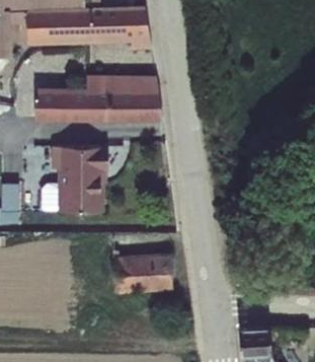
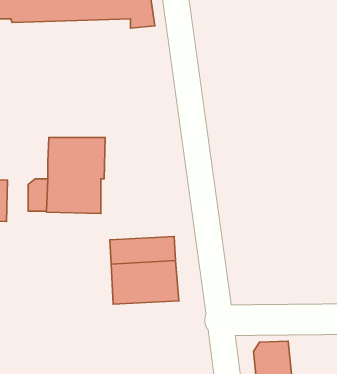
building: [35,76,162,123] -> none

